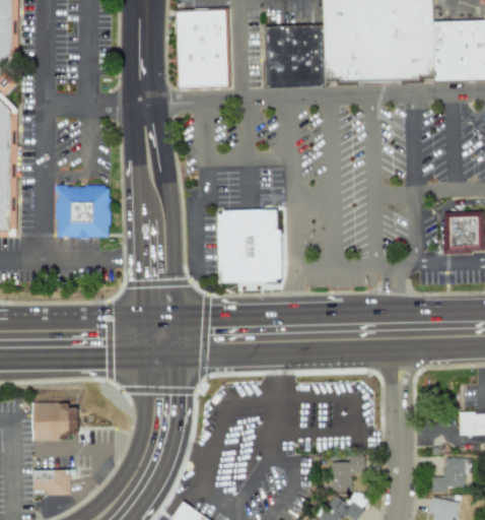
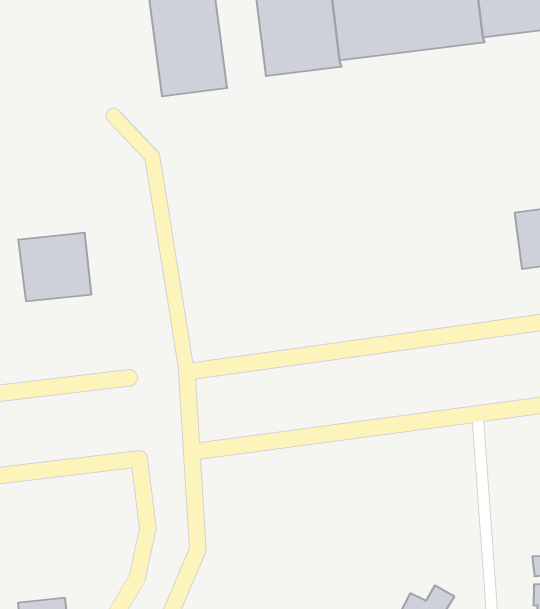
building: [222,215,285,287] -> none
building: [29,401,75,439] -> none
building: [328,455,362,490] -> none

